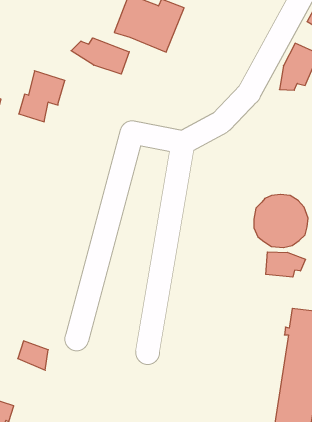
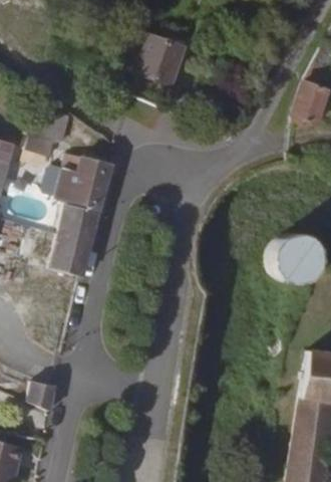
building: [71,38,129,74] -> none
building: none -> [53,151,114,277]
building: [266,252,306,277] -> none

